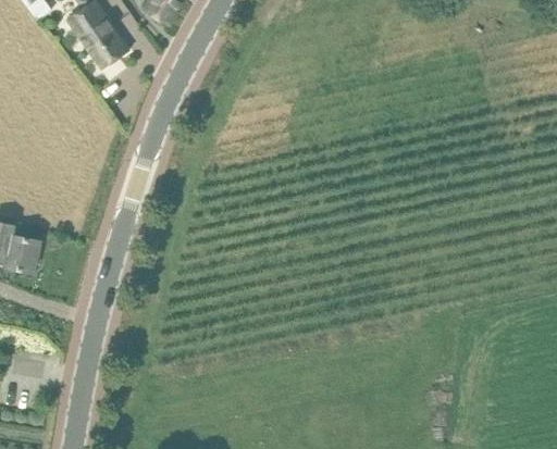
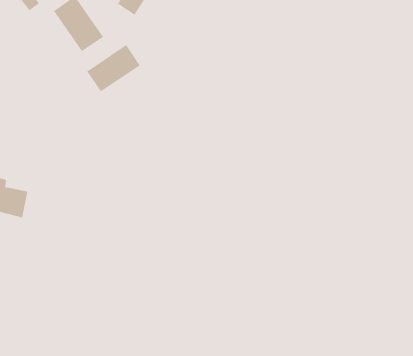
building: none -> [86,44,140,92]

